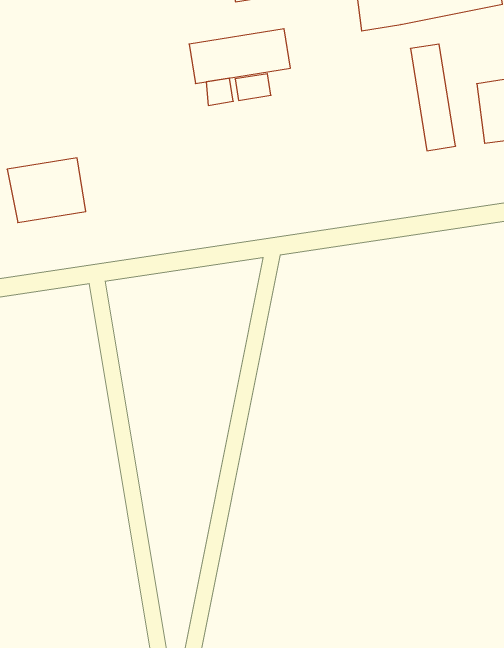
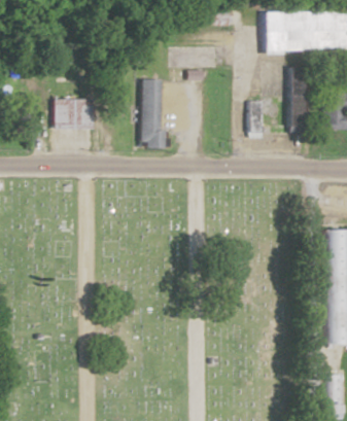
building: none -> [139,79,172,148]
building: none -> [248,100,263,132]

